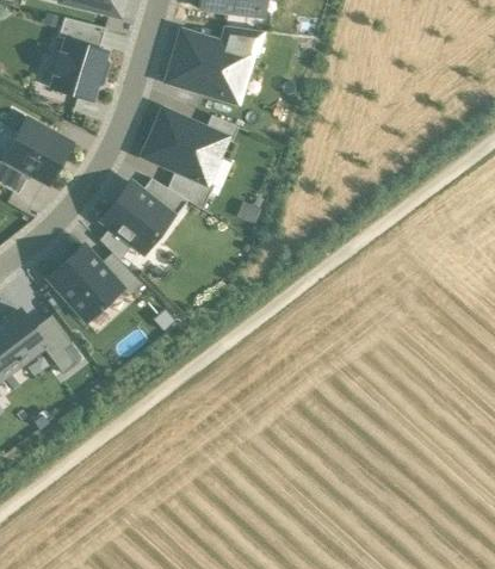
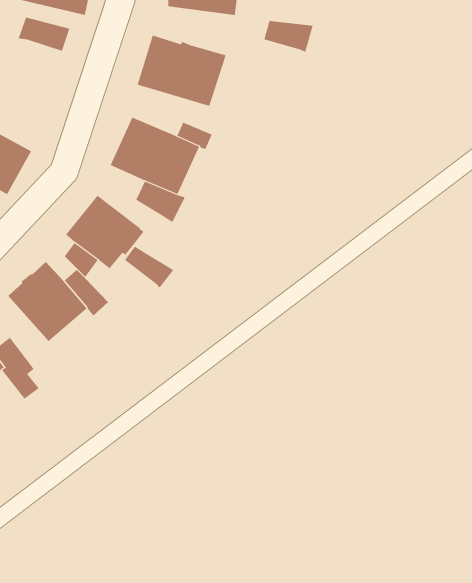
building: [218,25,265,55] -> [264,20,313,52]
building: [51,38,106,99] -> none
building: [142,178,188,217] -> [124,246,174,288]

